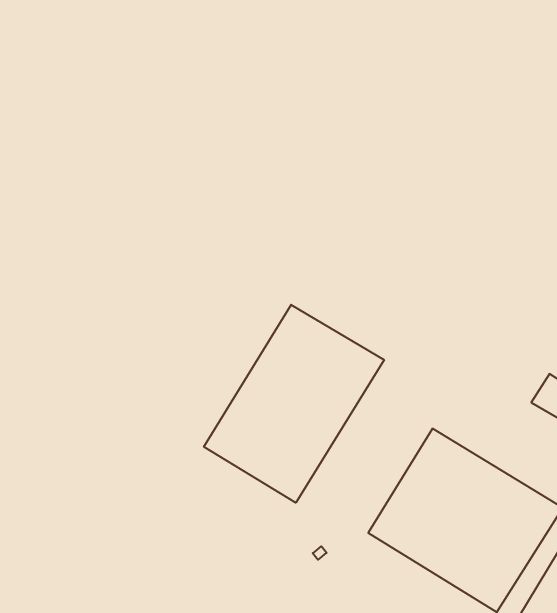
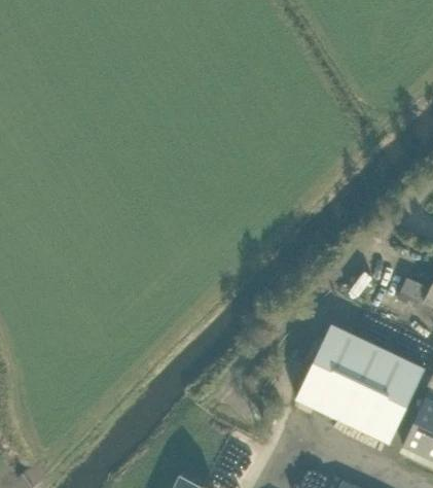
building: [204,305,384,503] -> none

